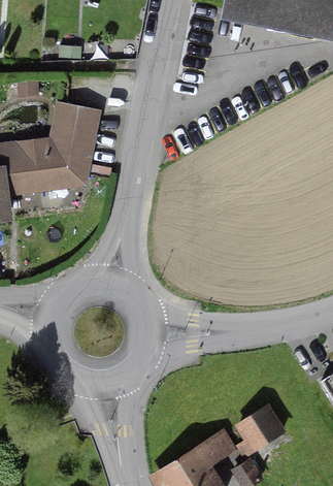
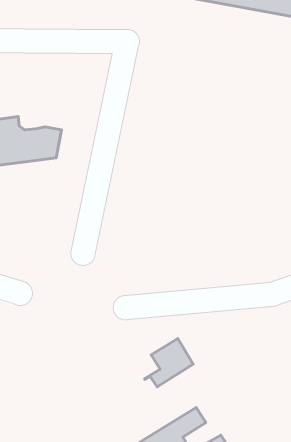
building: [54,106,95,143] -> none
building: [232,407,280,455] -> [145,338,193,387]

